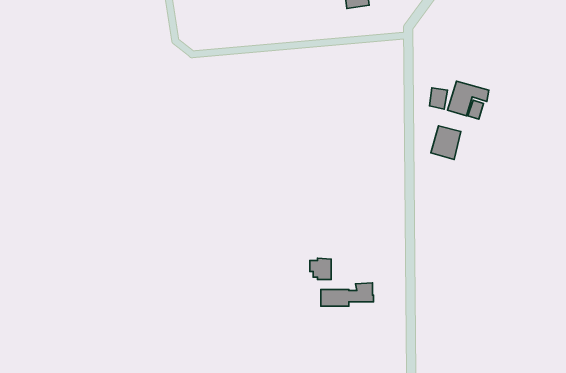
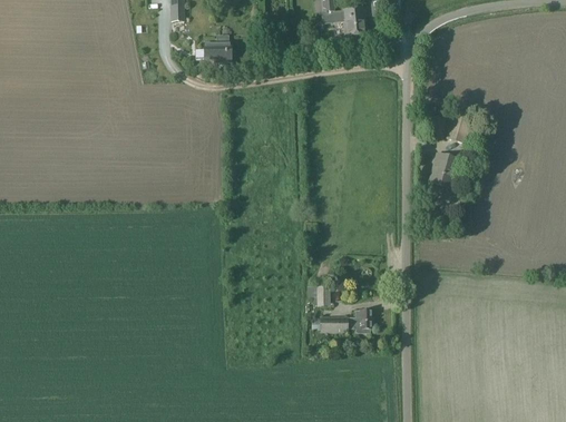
building: none -> [204,41,231,61]

